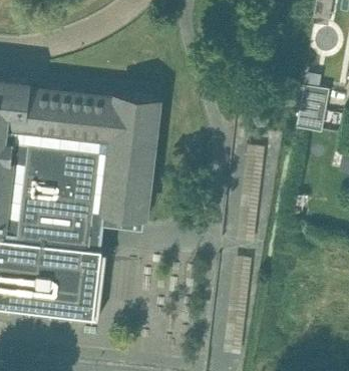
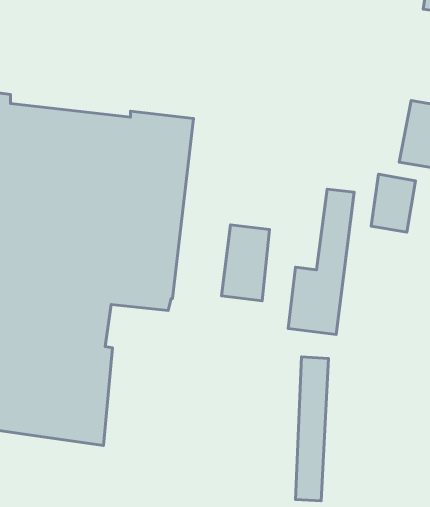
building: none -> [371,174,415,232]
building: none -> [222,225,269,301]

